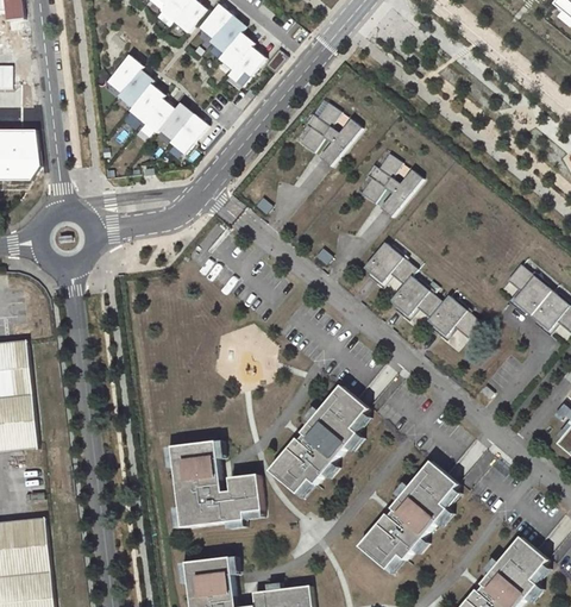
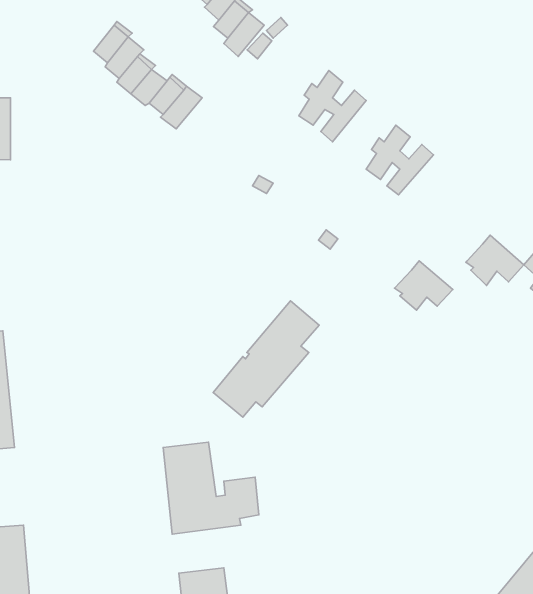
building: [362,240,414,287] -> none
building: [423,293,477,339] -> [466,235,524,286]
building: [269,386,366,493] -> [213,301,319,417]
building: [358,461,457,568] -> none

